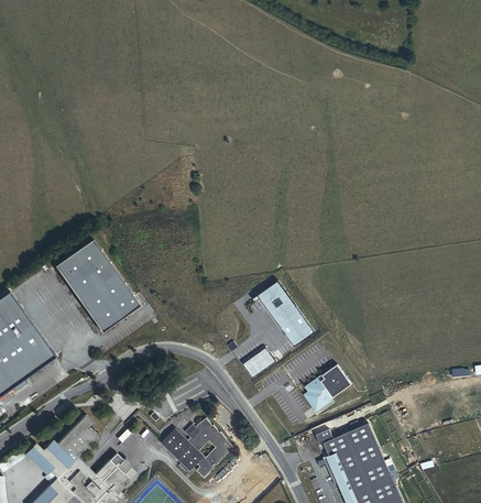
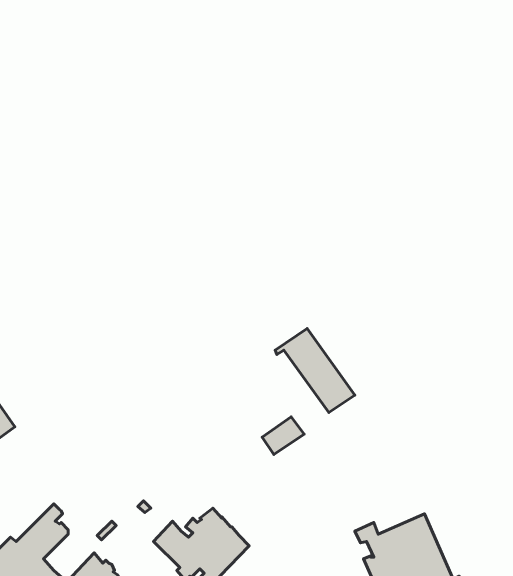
building: [54,239,139,332] -> none
building: [302,365,349,412] -> none

